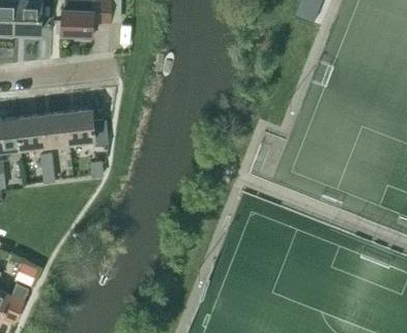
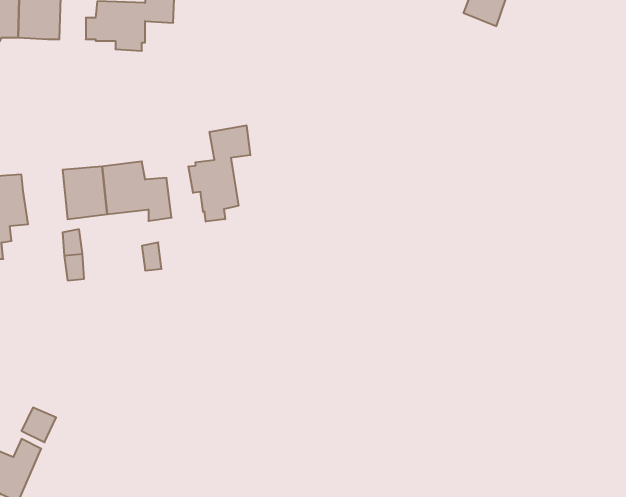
building: none -> [188,125,250,222]
building: [16,114,45,148] -> none

